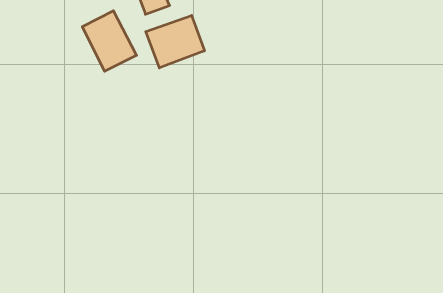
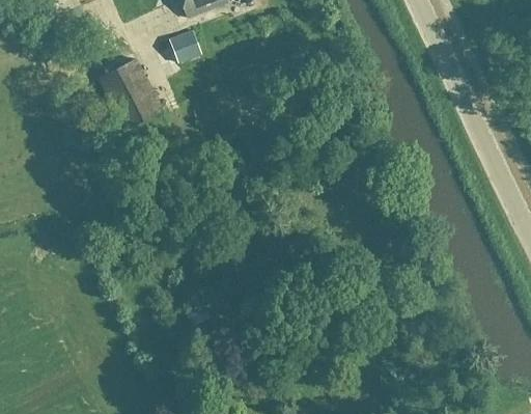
building: [146,15,204,68] -> none

